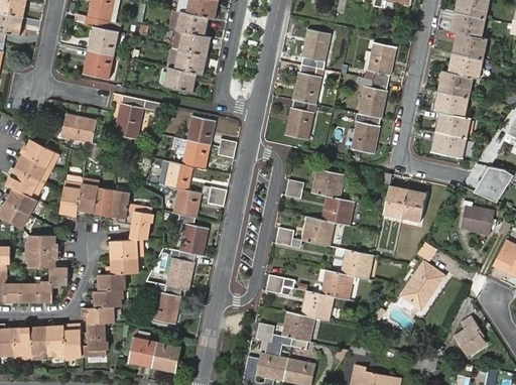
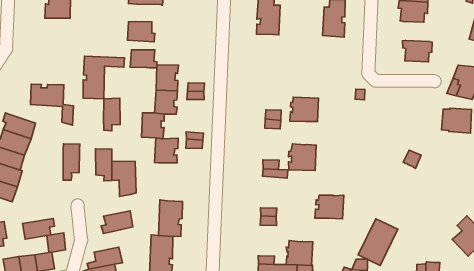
building: [83,50,111,80] -> none
building: [175,51,203,74] -> [130,50,157,68]
building: [286,101,313,140] -> none
building: [440,112,471,136] -> none
building: [352,113,380,153] -> none
building: [61,181,83,220] -> none
building: [94,186,115,220] -> [103,98,120,131]
building: [384,187,427,220] -> none
building: [325,196,354,224] -> none
building: [173,213,206,256] -> none
building: [30,235,61,251] -> none
building: [112,240,143,257] -> none
building: [344,250,374,279] -> none
building: [402,261,445,308] -> [358,219,398,266]
building: [96,273,126,291] -> none
building: [304,290,335,319] -> none

